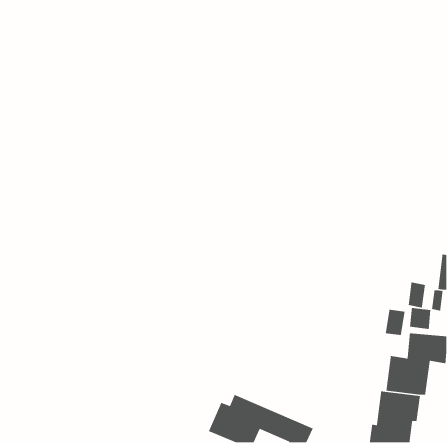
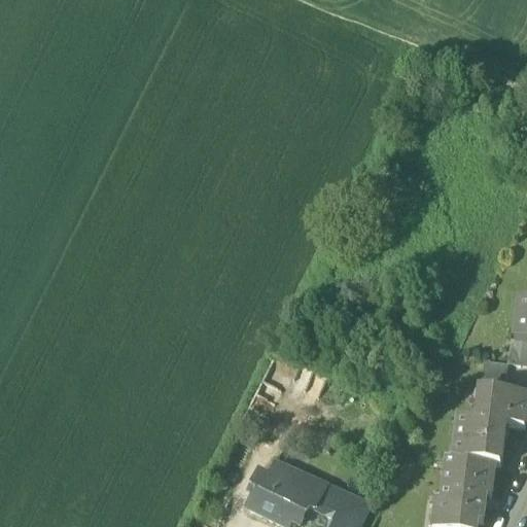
building: [408,281,426,309] -> none
building: [385,309,406,336] -> none

